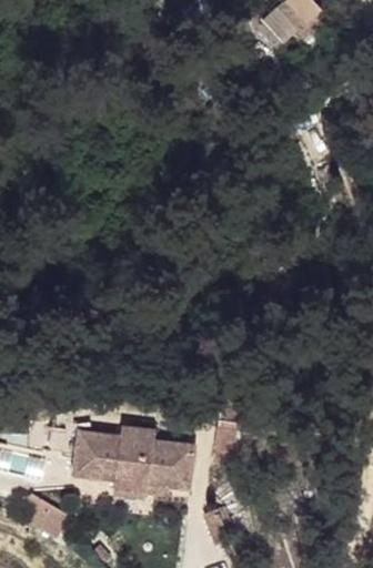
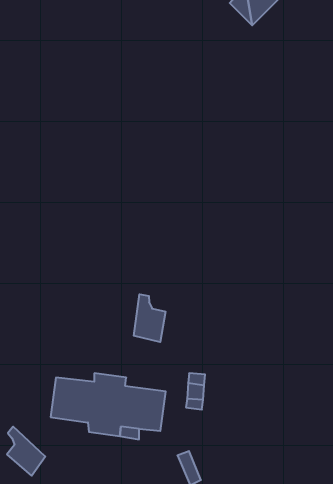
building: none -> [134,294,166,342]

